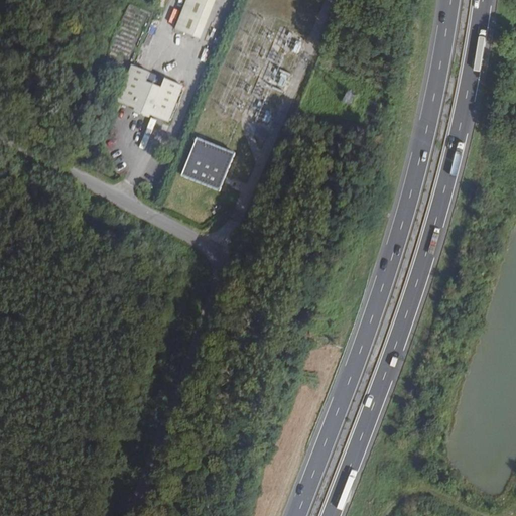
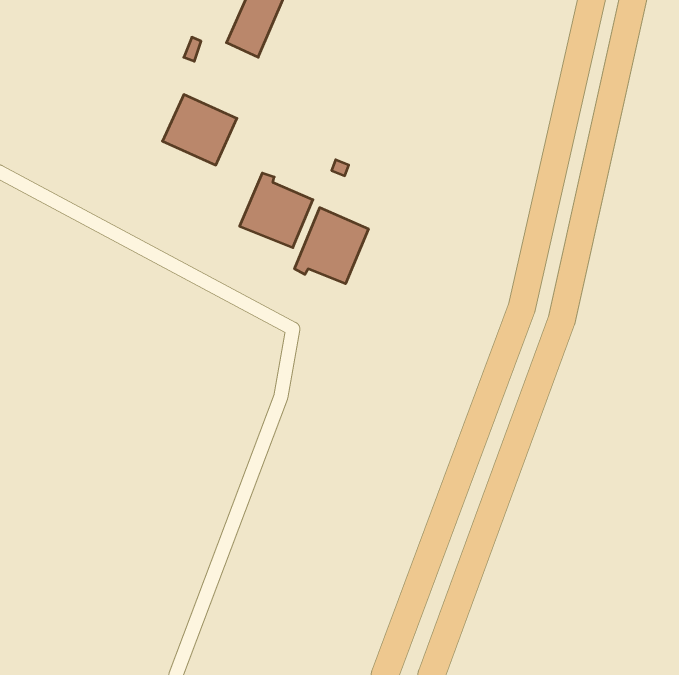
building: none -> [295,208,368,284]

